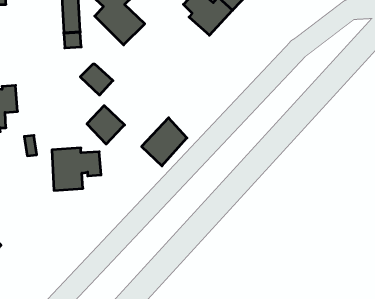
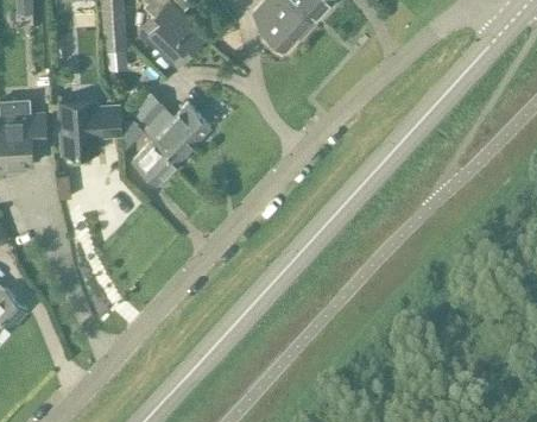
building: [142,118,187,166] -> [153,103,209,163]
building: [52,148,101,190] -> [59,102,120,155]

